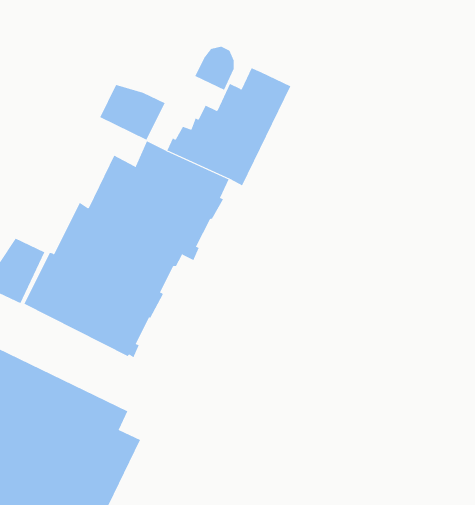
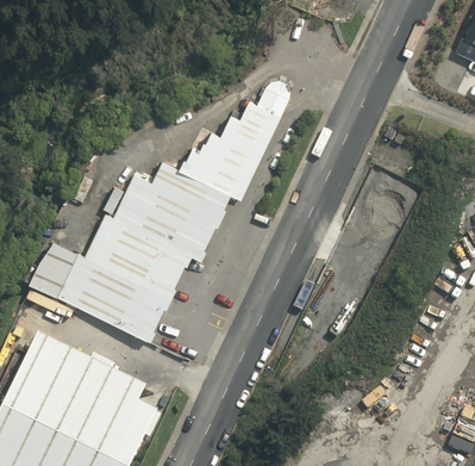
building: [194,46,235,90] -> [257,77,290,114]
building: [100,84,165,141] -> none

